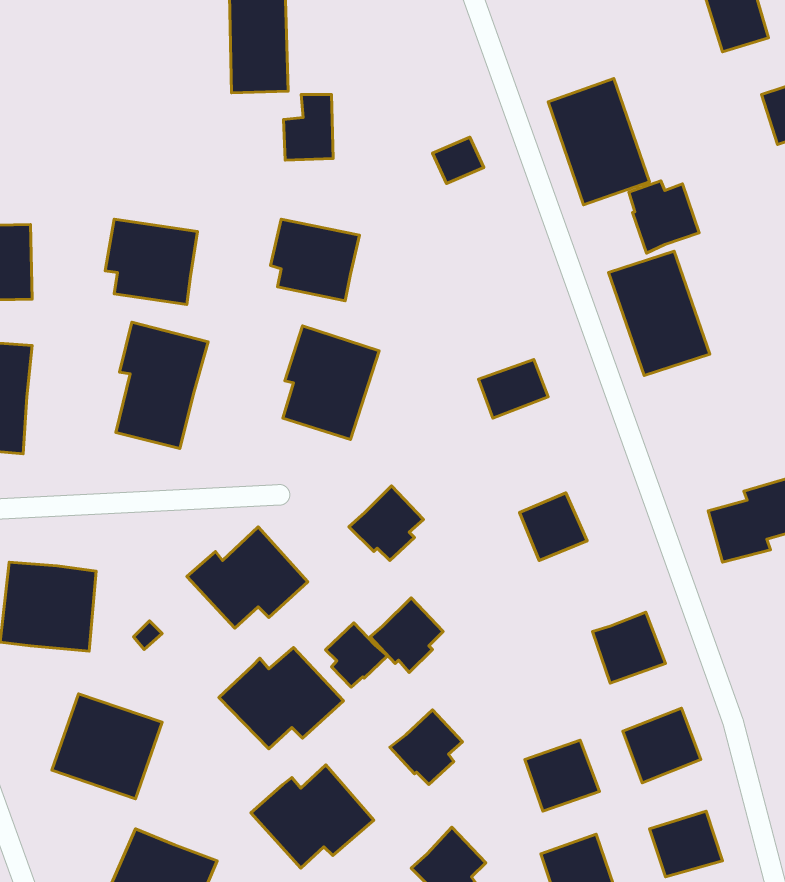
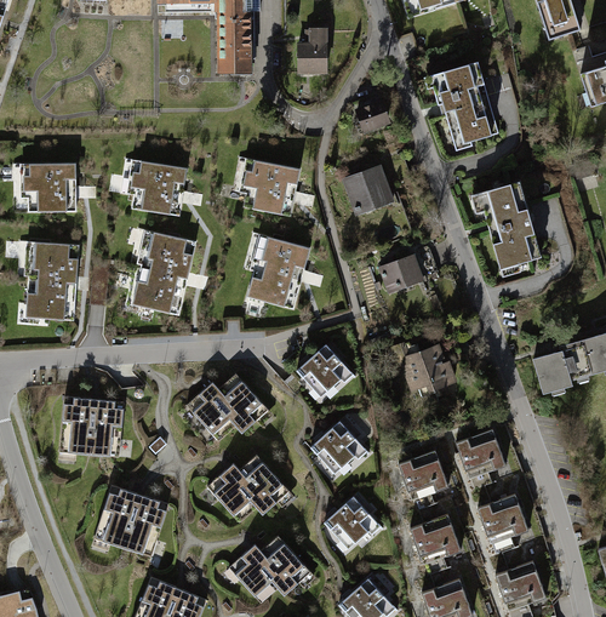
building: [284,95,333,160] -> [291,29,325,74]
building: [629,181,699,253] -> none
building: none -> [344,164,396,216]
building: [325,623,388,687] -> none
building: none -> [399,457,450,491]

